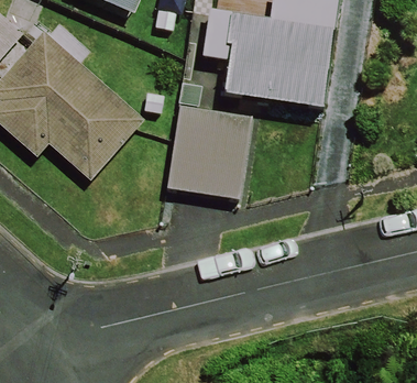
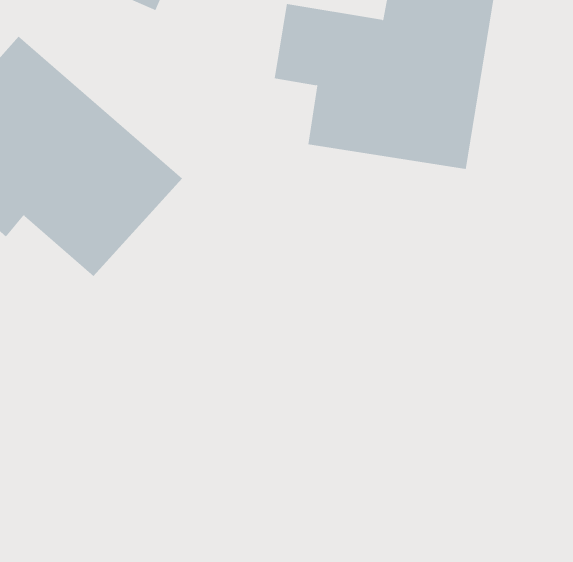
building: [169,106,253,198] -> none

